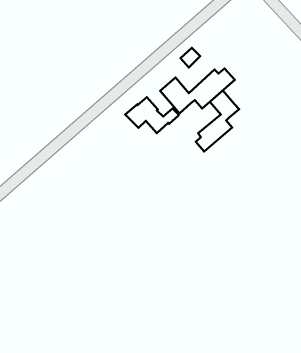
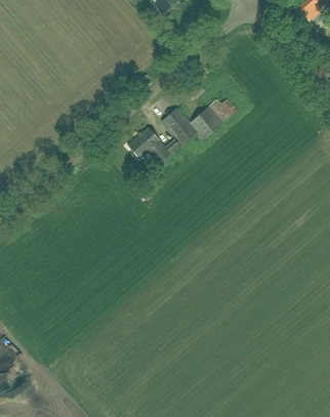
building: [196,90,239,152] -> none

